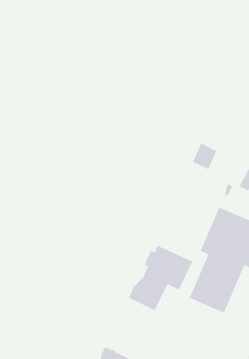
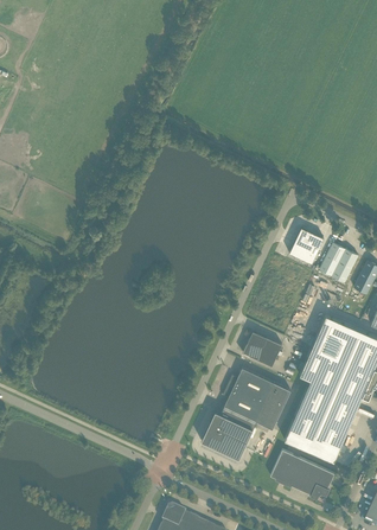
building: none -> [318,242,357,281]
building: none -> [241,330,281,365]
building: none -> [269,448,333,498]

